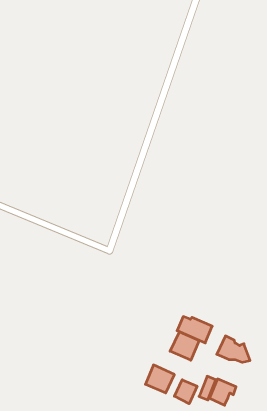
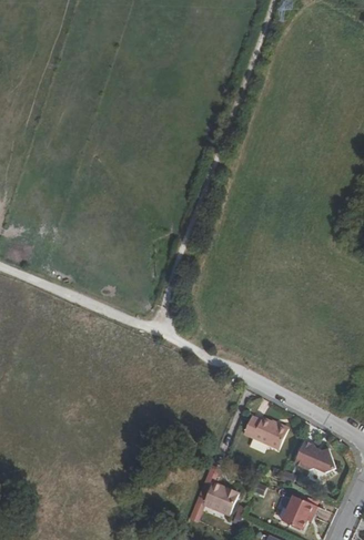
building: [170,332,199,360] -> none
building: [174,380,197,404] -> none

